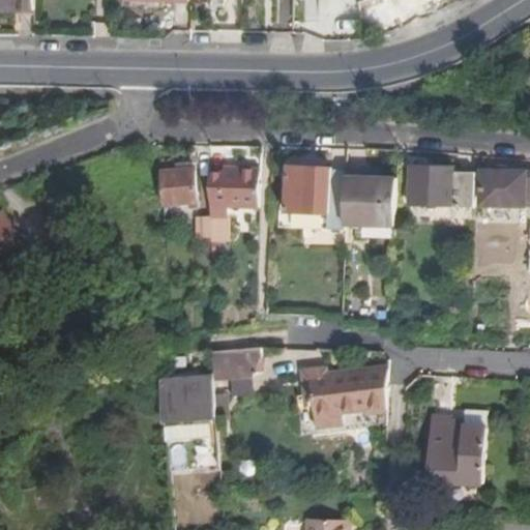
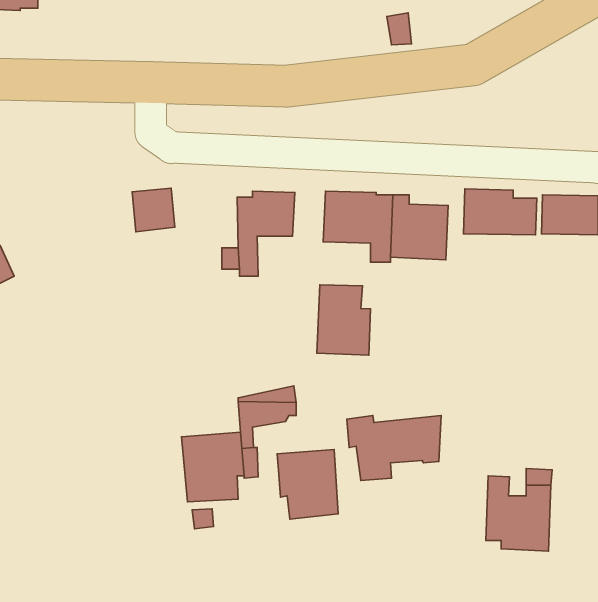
building: [158,169,196,207] -> [132,188,175,232]
building: none -> [317,285,371,355]
building: none -> [277,450,338,519]

